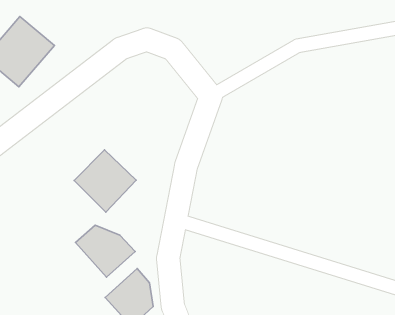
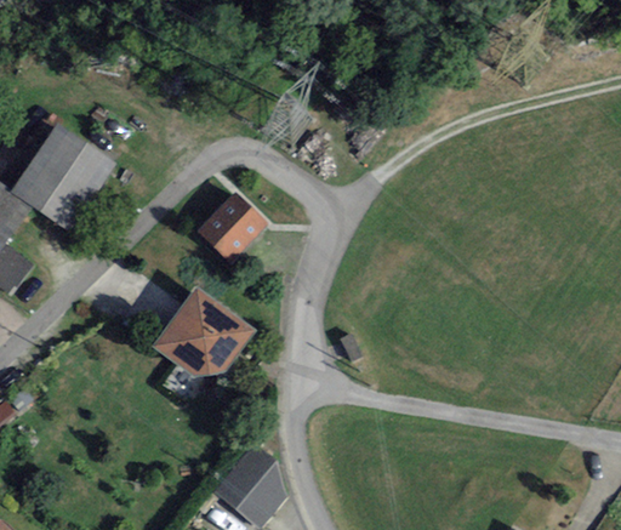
building: none -> [203,198,261,257]
building: [76,225,135,277] -> none

